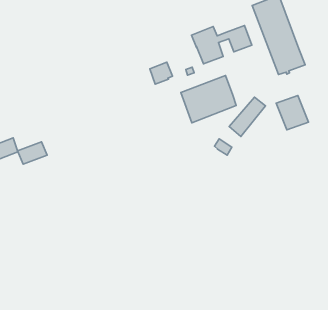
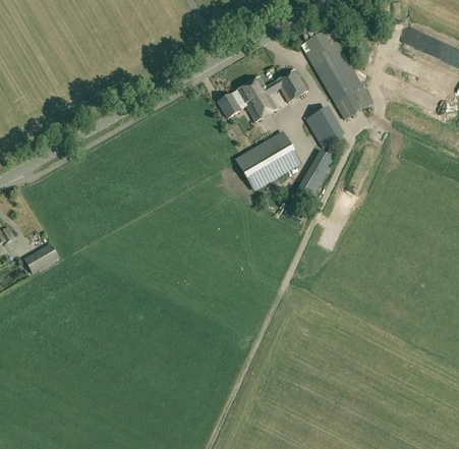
building: [150,62,172,84] -> [218,91,245,118]
building: [276,95,308,130] -> [304,106,345,148]
building: [18,142,47,164] -> none

